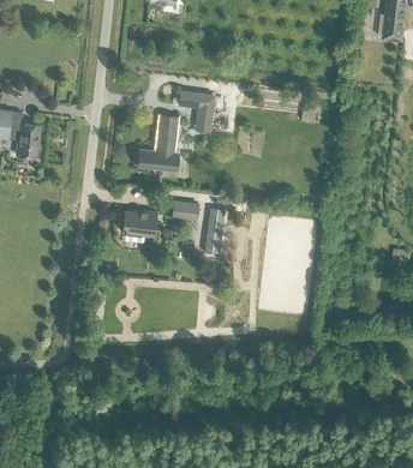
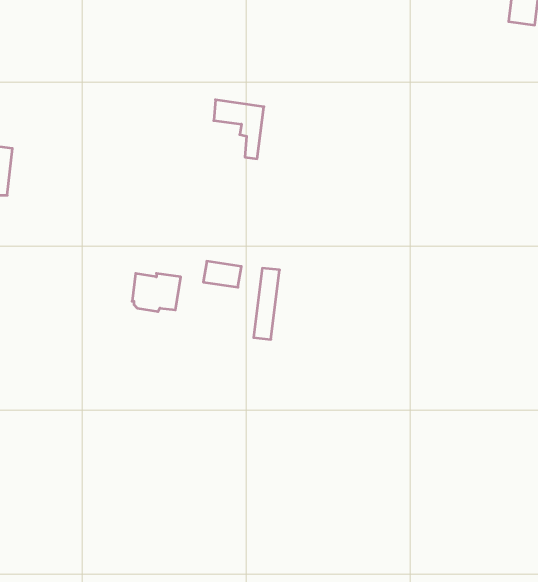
building: [138,115,178,169] -> none

